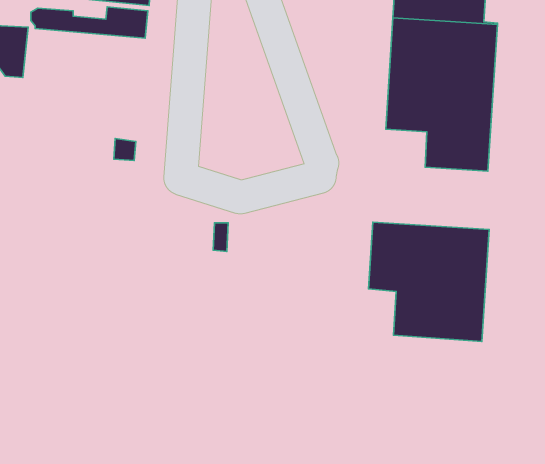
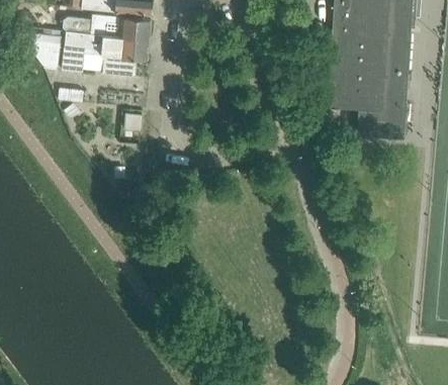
building: none -> [61,31,149,75]
building: [368,222,489,341] -> none

